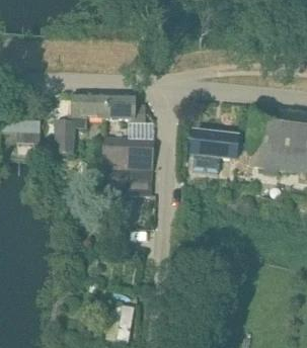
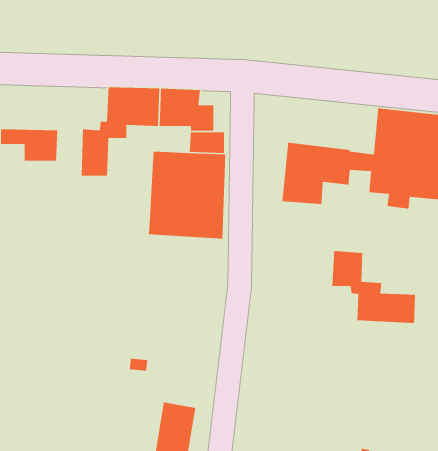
building: none -> [331,250,416,324]

